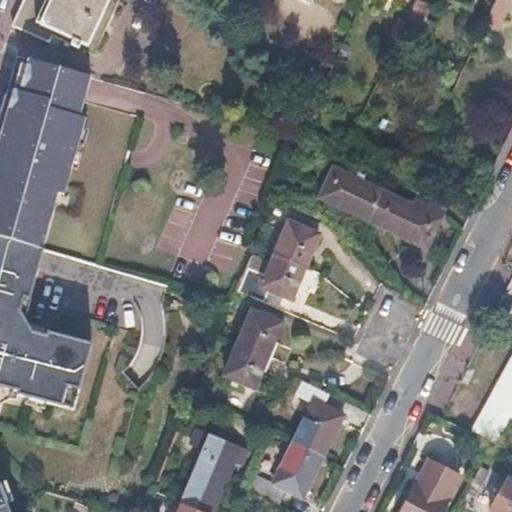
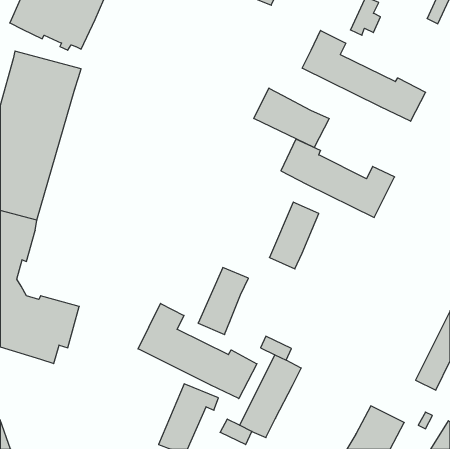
building: none -> [302,30,426,121]
building: none -> [254,88,329,148]
building: [261,219,317,295] -> [269,202,319,269]
building: none -> [138,303,257,399]

